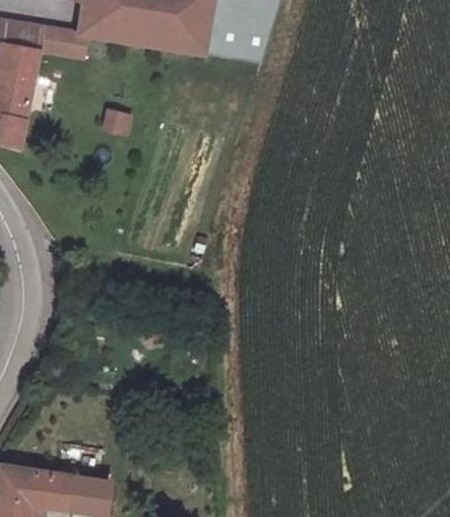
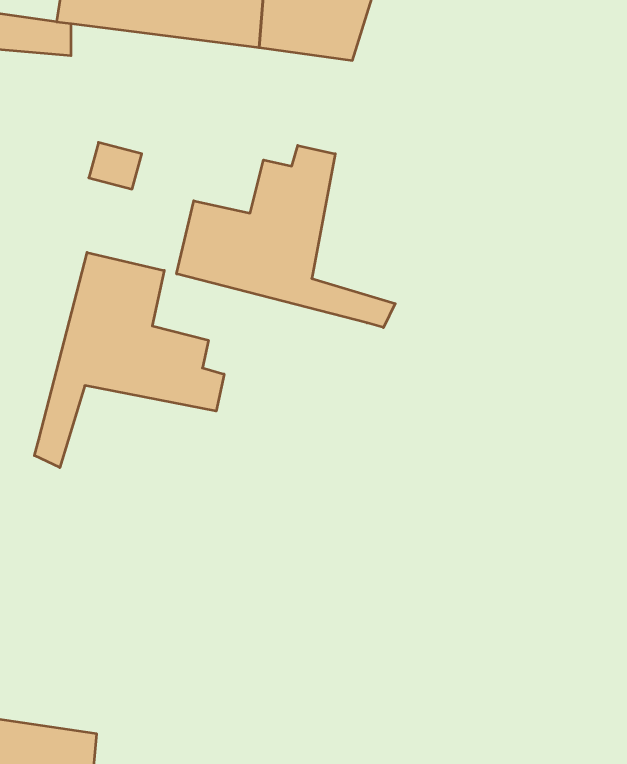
building: none -> [177,145,395,328]
building: none -> [34,252,224,468]

